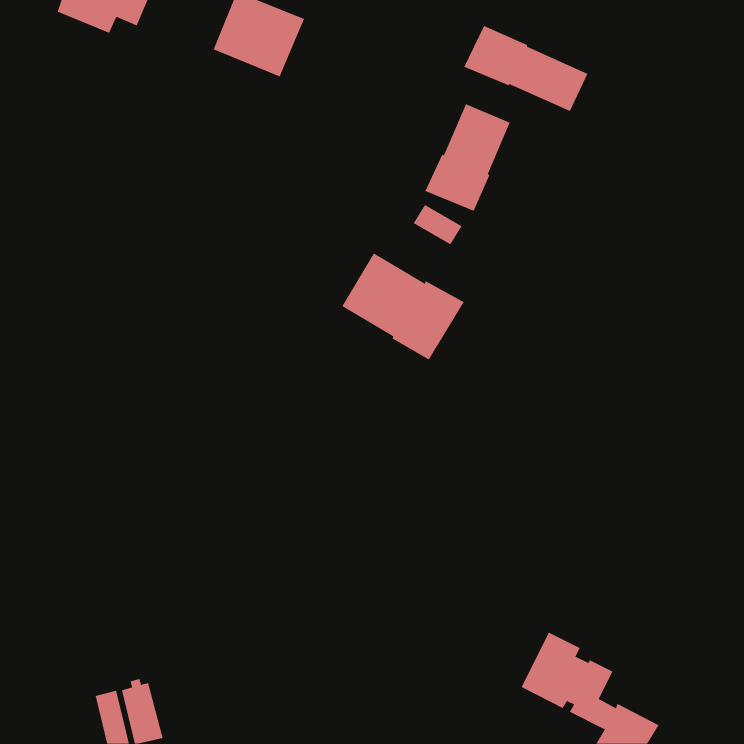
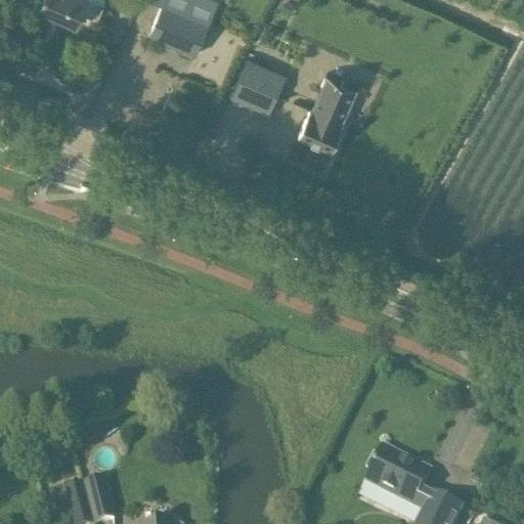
building: [464,25,588,112] -> none
building: none -> [232,57,288,113]
building: [342,253,464,361] -> none

